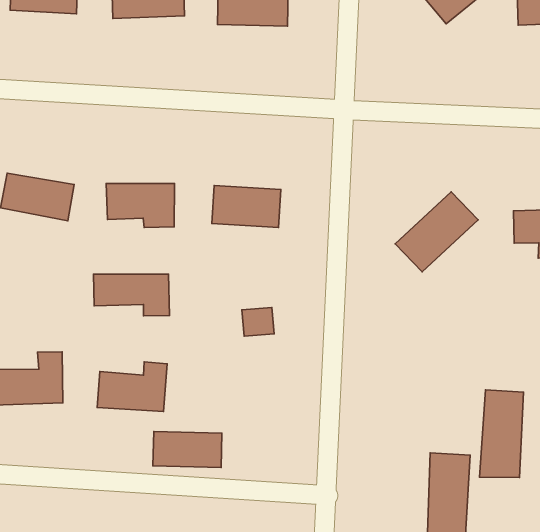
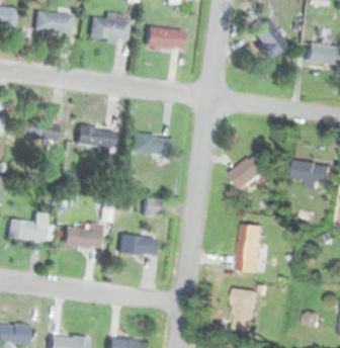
building: [93,274,169,316] -> none
building: [480,390,523,478] -> [235,223,262,271]
building: [153,432,222,467] -> [117,236,156,258]

